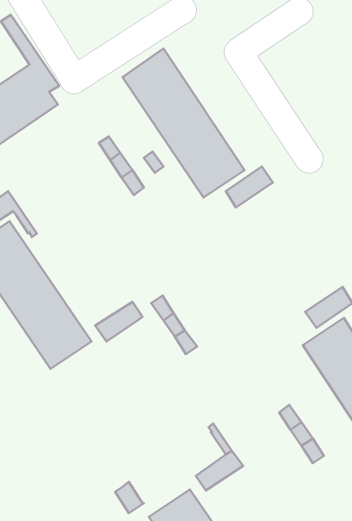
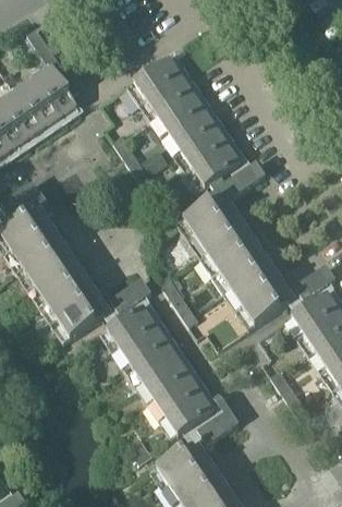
building: none -> [183,192,290,323]
building: none -> [107,304,215,434]

